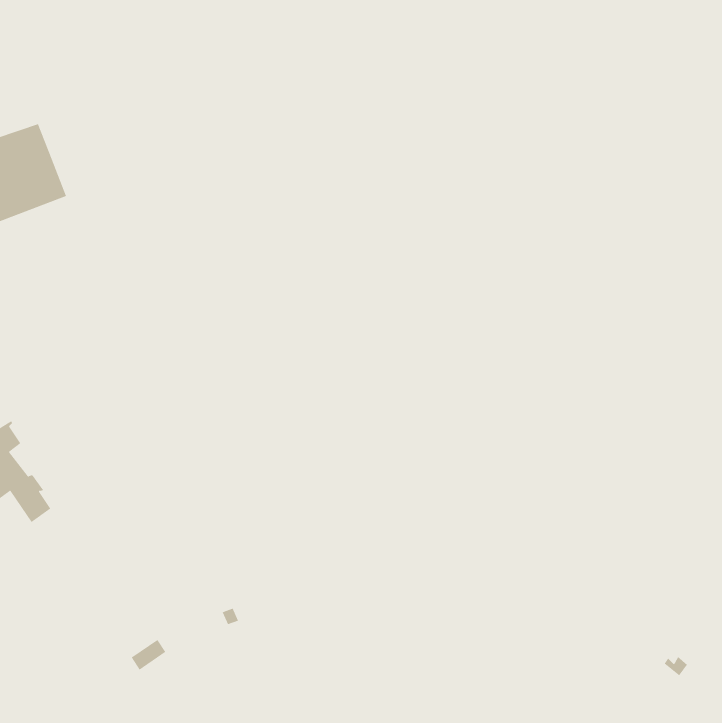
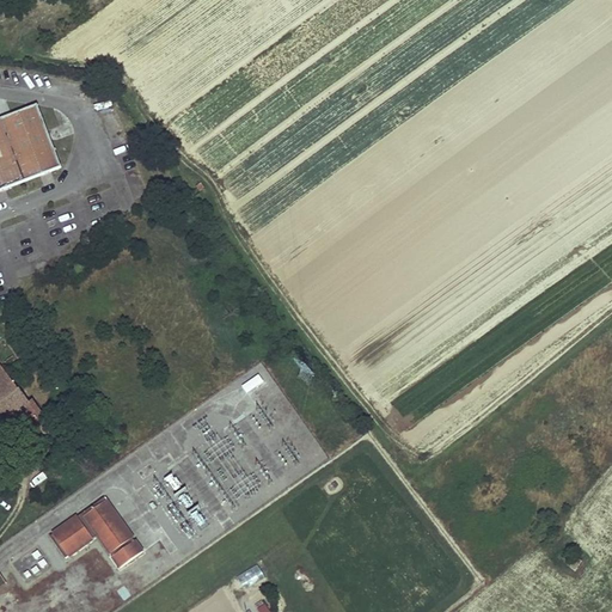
building: none -> [82,498,130,551]
building: none -> [51,515,92,553]

